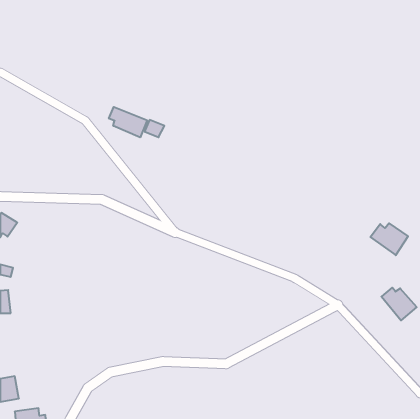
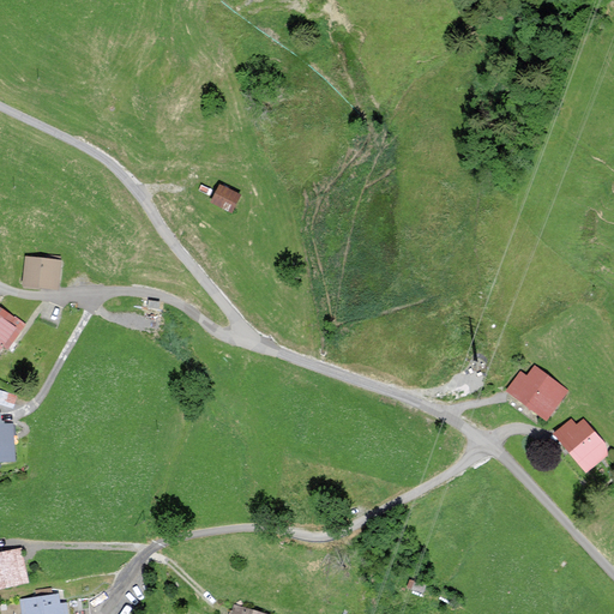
building: [109,107,147,137] -> none
building: none -> [22,258,61,288]
building: [370,223,408,255] -> [508,371,564,417]

